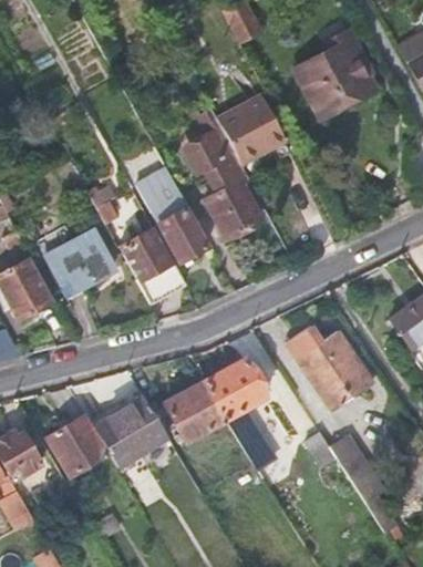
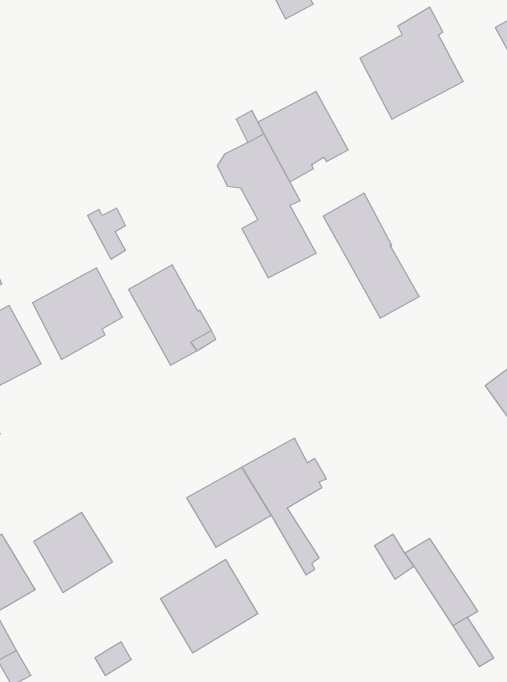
building: [135,167,208,262] -> [323,193,419,318]
building: [285,326,373,412] -> none
building: [93,396,167,467] -> [160,560,258,653]

